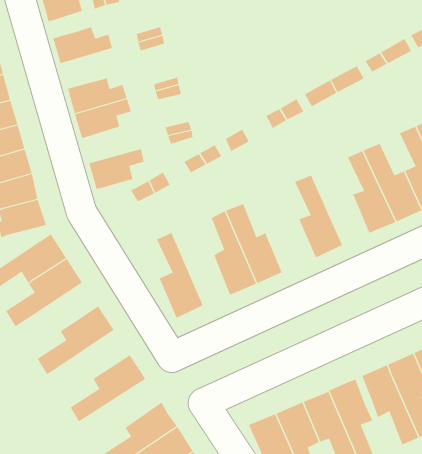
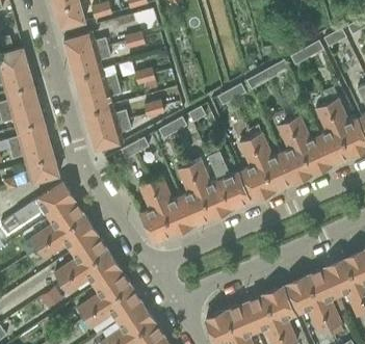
building: none -> [70,48,110,77]
building: none -> [85,105,129,131]
building: none -> [252,134,293,190]
building: none -> [209,152,251,210]
building: none -> [151,176,192,234]
building: none -> [37,217,98,260]
building: none -> [60,252,121,295]
building: none -> [83,287,144,329]

